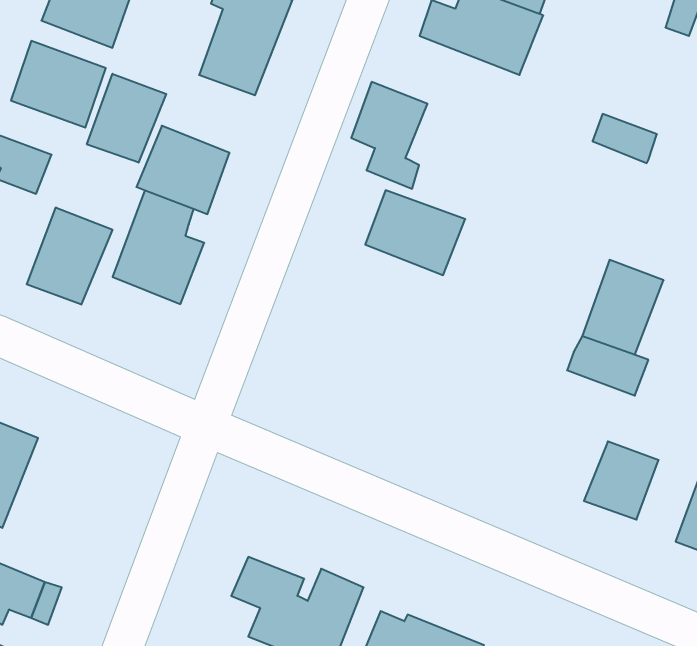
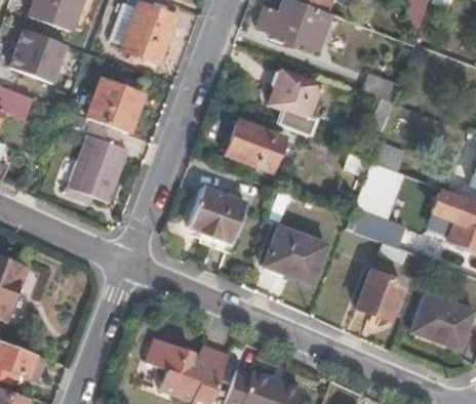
building: [87,74,166,163] -> none
building: [351,82,428,189] -> [270,69,316,133]
building: [27,207,112,305] -> none
building: none -> [190,181,249,238]
building: none -> [264,221,327,279]

